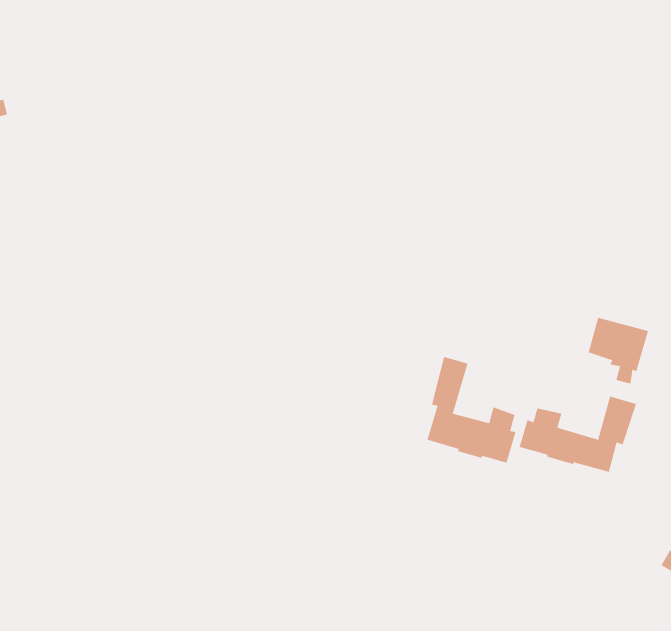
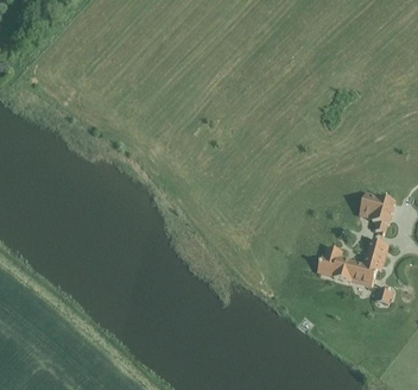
building: [427,356,516,463] -> none

